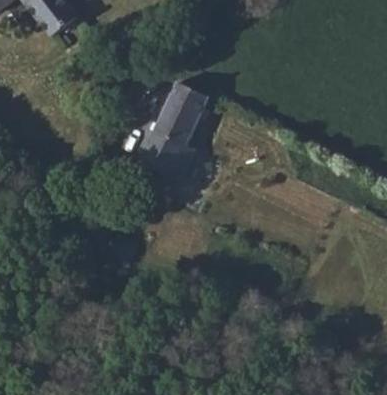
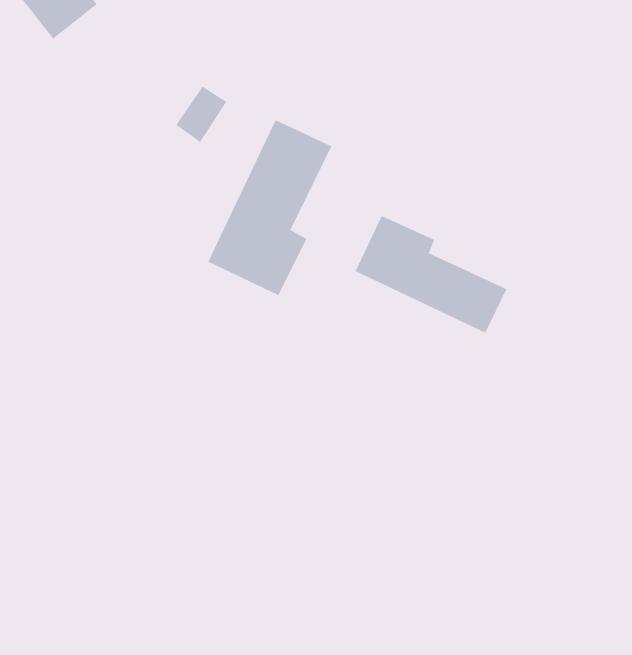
building: none -> [355,215,507,334]

